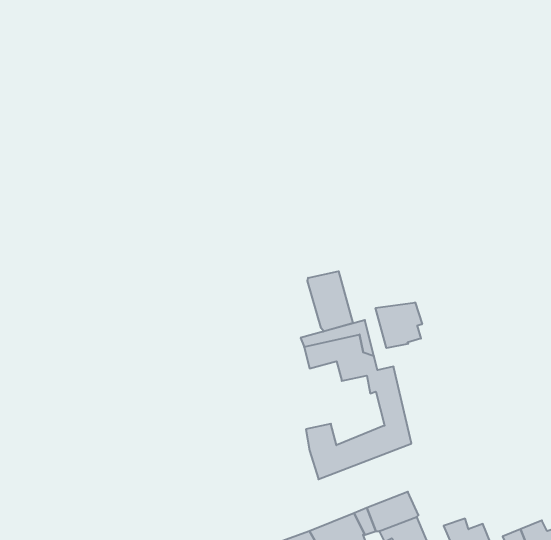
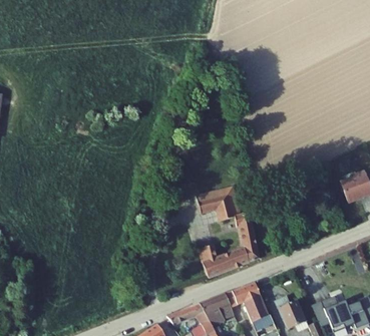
building: [308,271,353,332] -> none
building: [376,302,422,348] -> none

